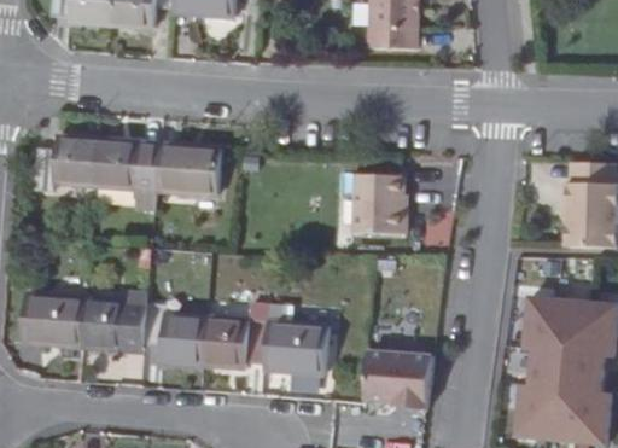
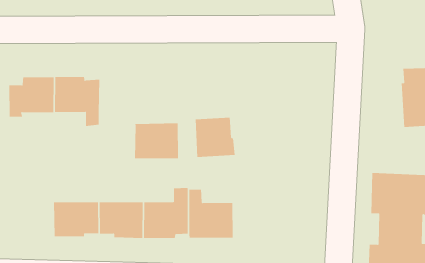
building: [161,146,223,197] -> [134,123,179,159]
building: [355,168,408,220] -> [195,117,236,158]
building: [27,307,91,357] -> none
building: [368,344,438,401] -> none

